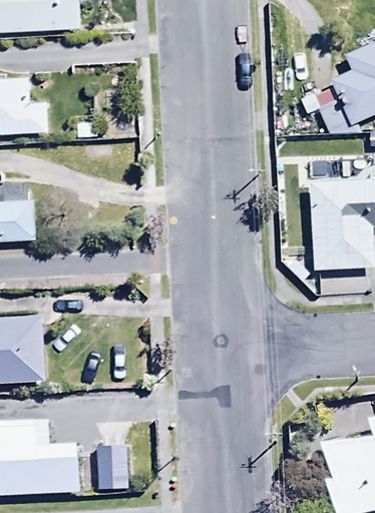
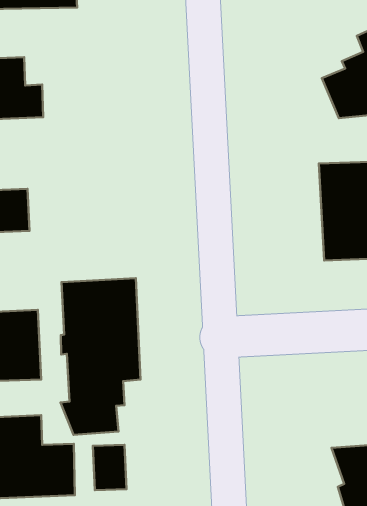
building: none -> [60,278,141,435]

